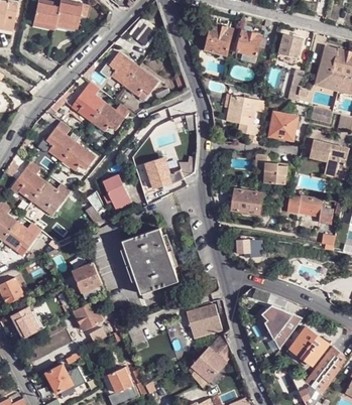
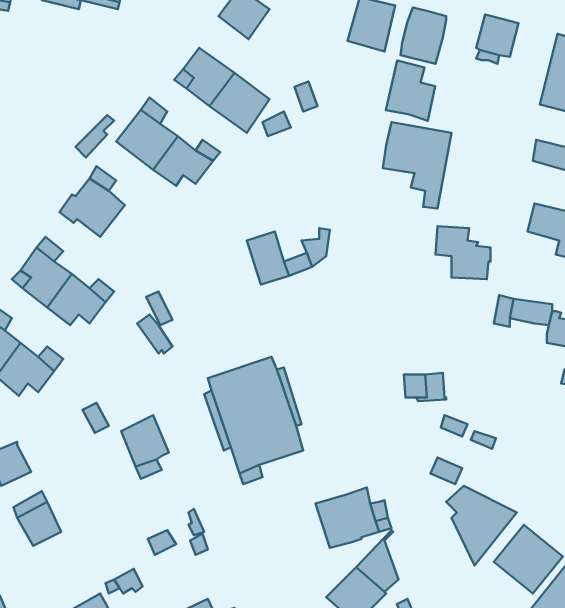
building: none -> [386,60,435,121]
building: [267,110,297,140] -> none
building: [63,142,97,170] -> none
building: [102,174,131,210] -> none
building: [231,187,262,214] -> none
building: [75,302,102,329] -> none

